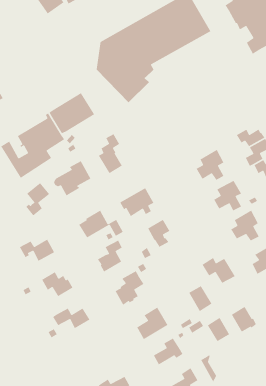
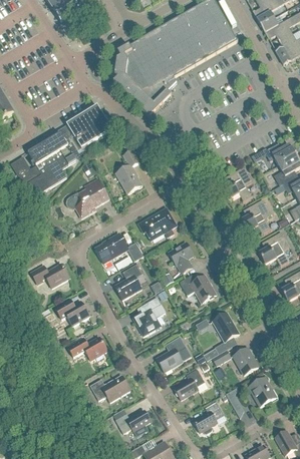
building: [25,182,50,217] -> none
building: [201,257,236,284] -> [180,273,217,302]
building: [231,306,257,335] -> [249,376,277,407]
building: none -> [89,374,130,401]

